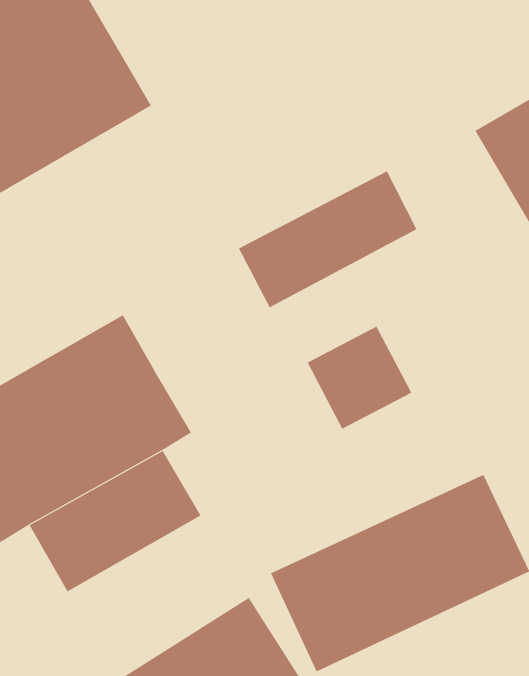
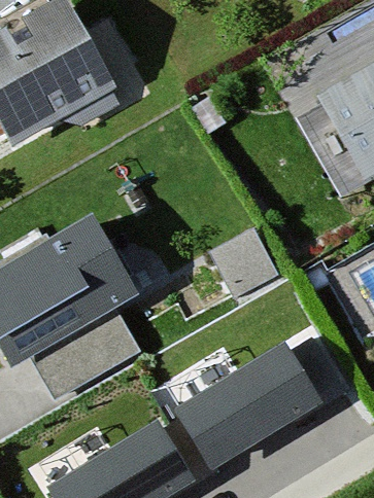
building: [238,170,417,308] -> none

